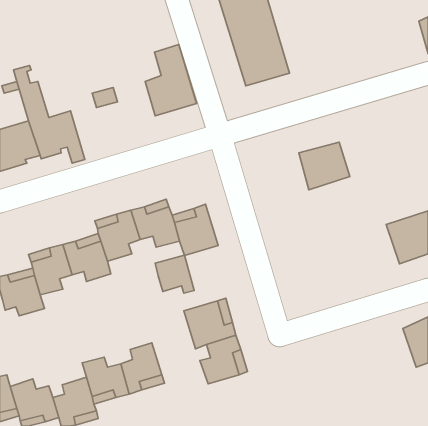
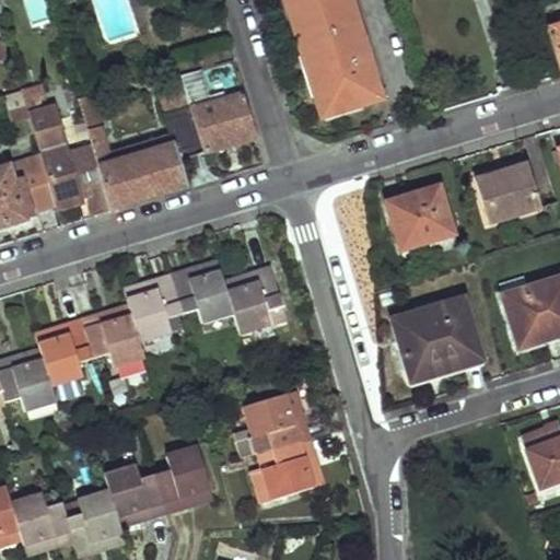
building: none -> [78,93,202,208]
building: none -> [476,160,540,219]
building: none -> [397,294,483,376]
building: [155,255,194,293] -> none

